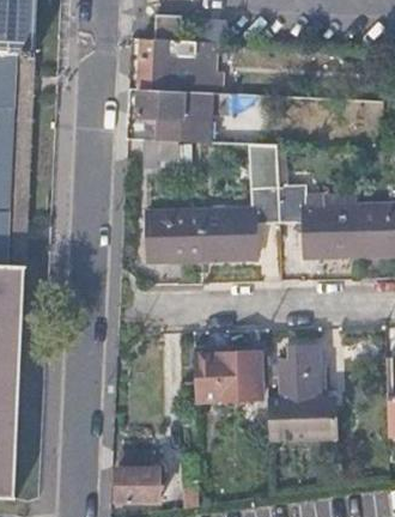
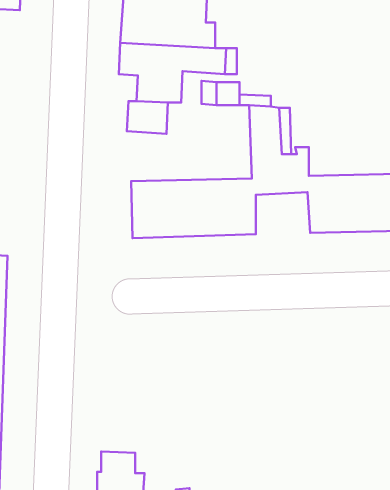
building: [265,347,333,439] -> none
building: [192,352,259,400] -> none

